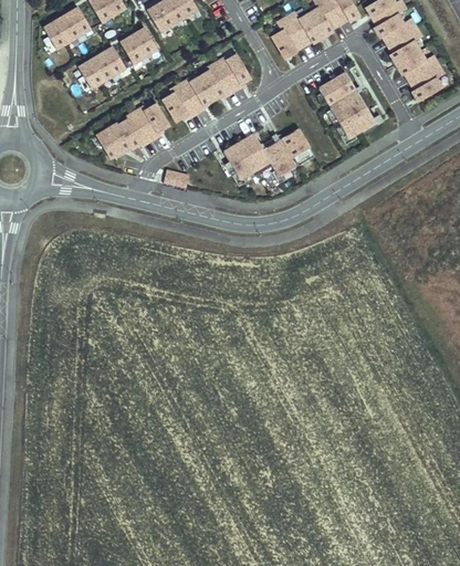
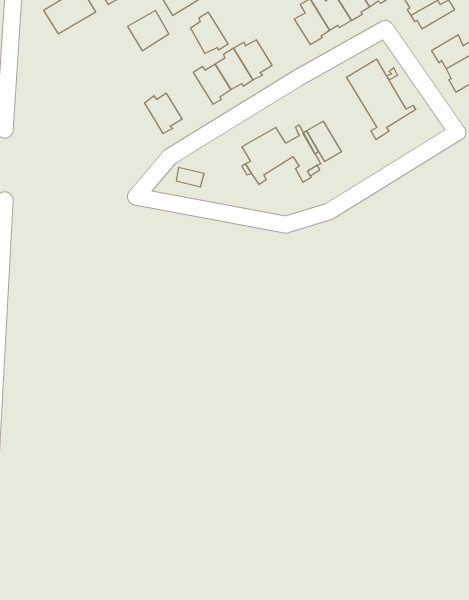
building: [387,27,422,64] -> none
building: [77,45,126,88] -> none
building: [163,84,197,122] -> [190,12,228,54]
building: [96,112,151,158] -> none

